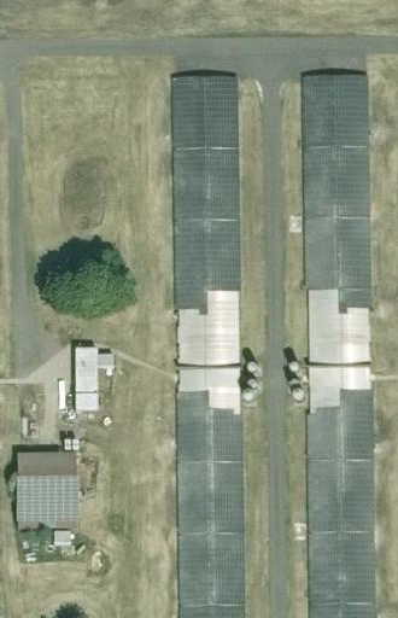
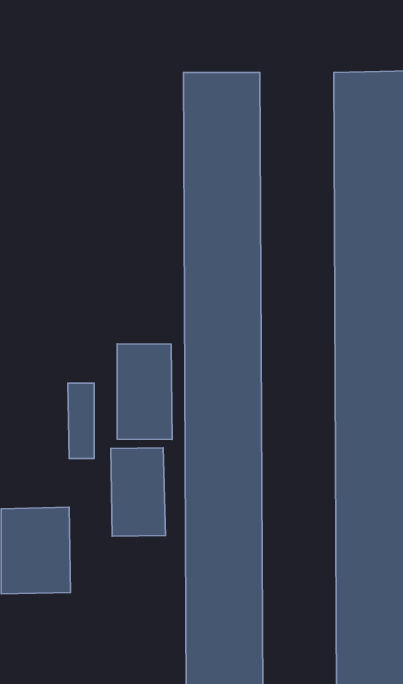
building: none -> [117,344,172,439]
building: none -> [111,448,166,536]

